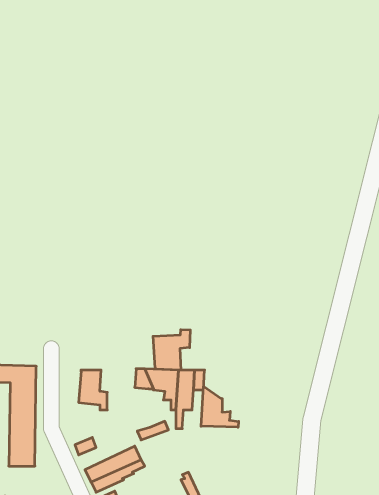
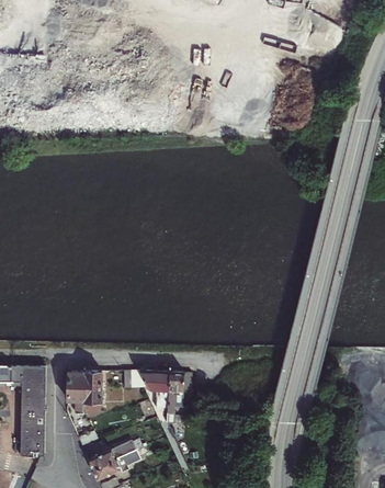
building: [153,330,190,370] -> none
building: none -> [66,371,83,413]
building: [201,386,239,427] -> none

